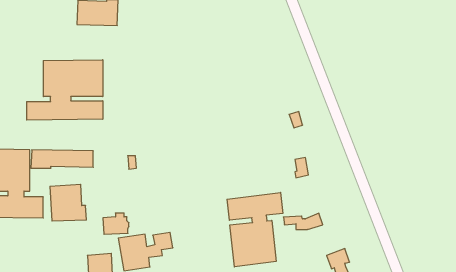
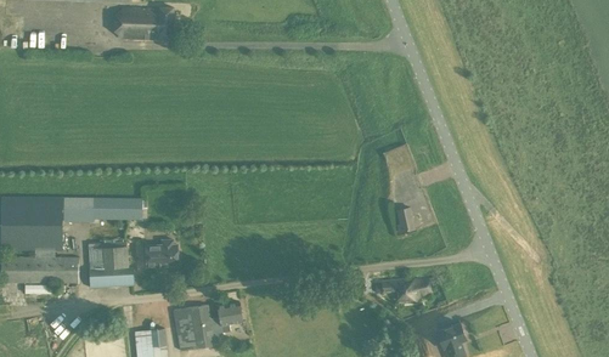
building: [27,60,103,120] -> none
building: [227,192,283,267] -> none
building: [103,213,129,234] -> [145,239,177,266]

